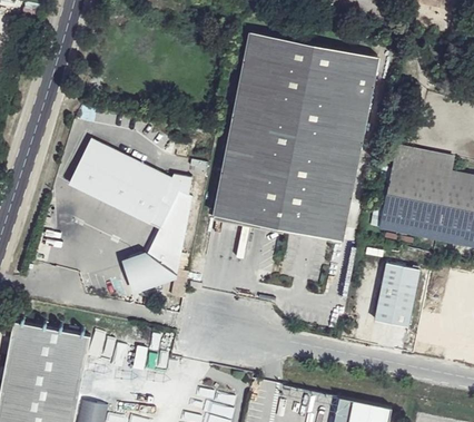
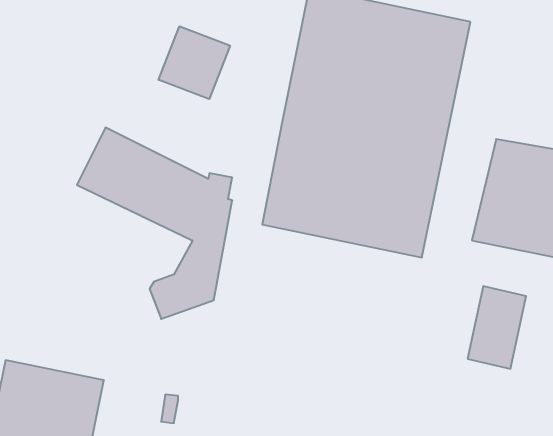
building: none -> [159,26,230,99]

